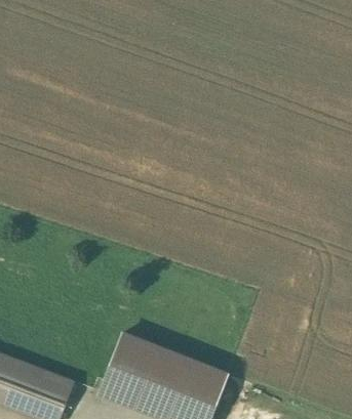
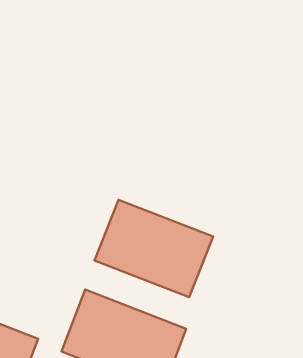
building: none -> [94,200,213,297]

